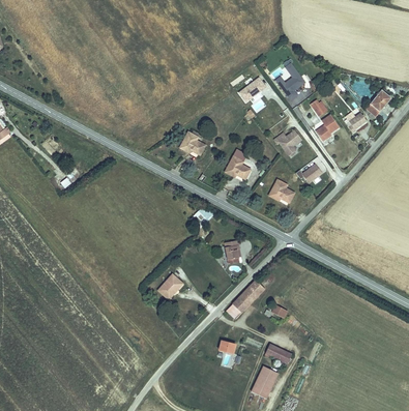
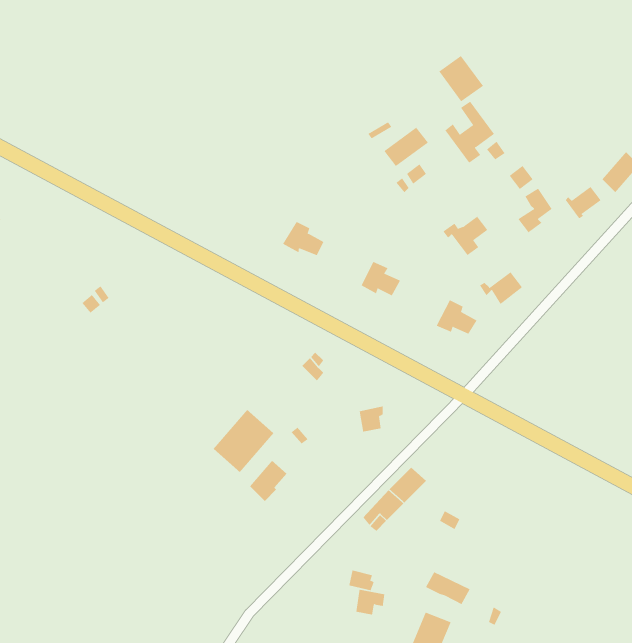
building: none -> [438,55,484,102]
building: none -> [213,409,274,473]

